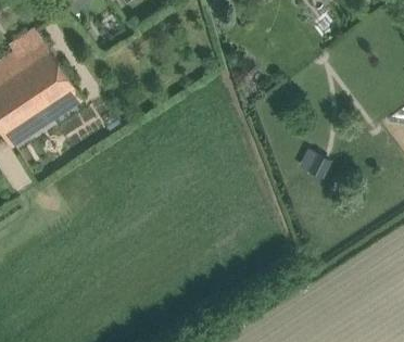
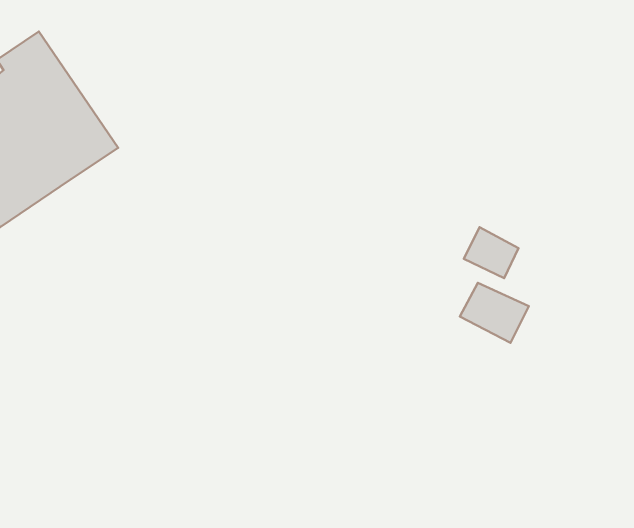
building: none -> [460,283,529,343]

